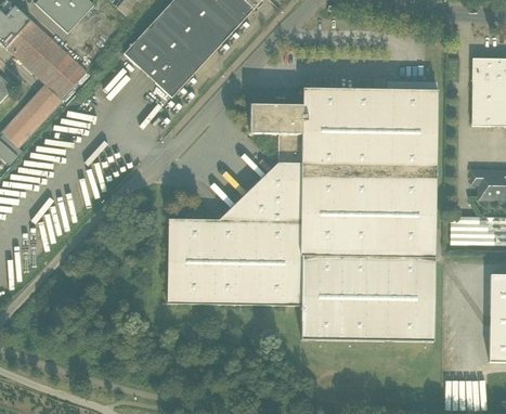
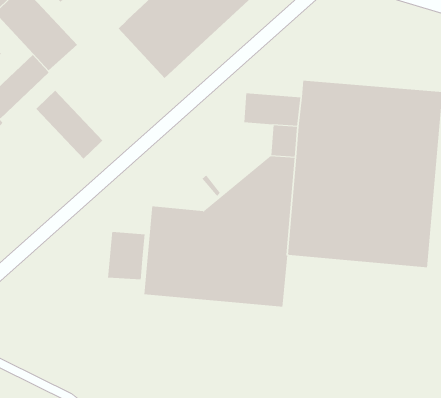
building: none -> [35,90,103,160]
building: none -> [108,231,145,280]
building: [301,255,436,339] -> none

